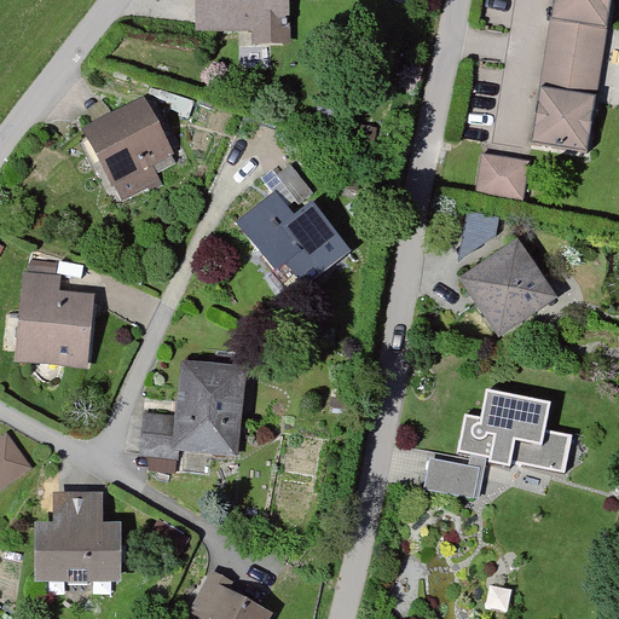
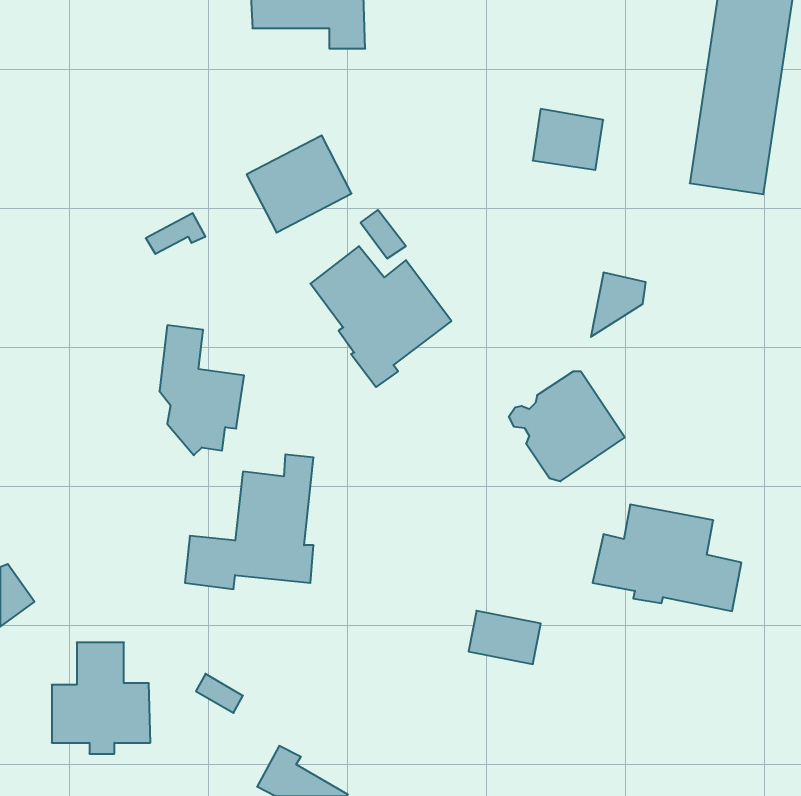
building: [83,103,164,178] -> [247,135,352,233]
building: [475,151,530,198] -> [533,109,603,170]
building: [463,247,553,331] -> [509,372,625,481]
building: [24,262,89,363] -> [159,325,244,455]
building: [424,456,480,497] -> [469,611,541,664]

